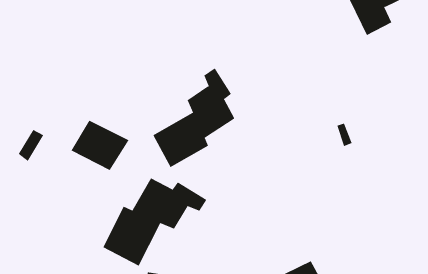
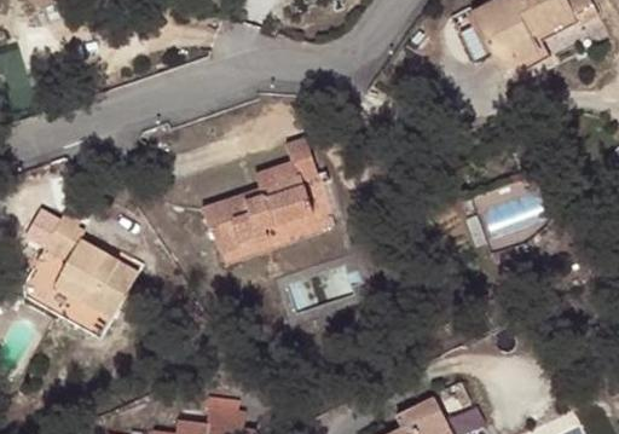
building: [70,120,129,171] -> [44,242,125,312]
building: [103,178,207,266] -> none

